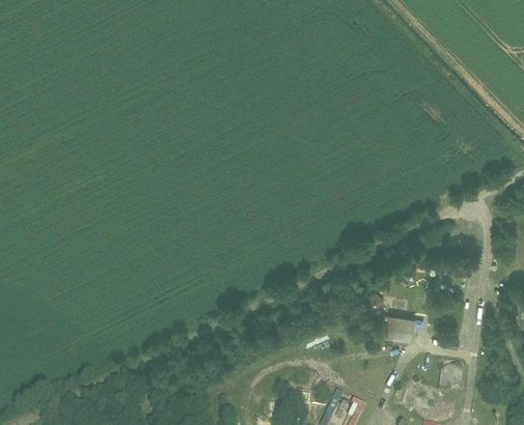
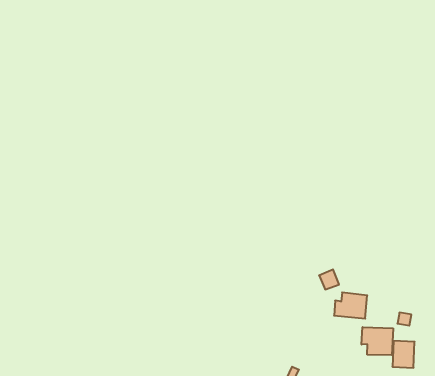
building: none -> [362,327,393,355]

